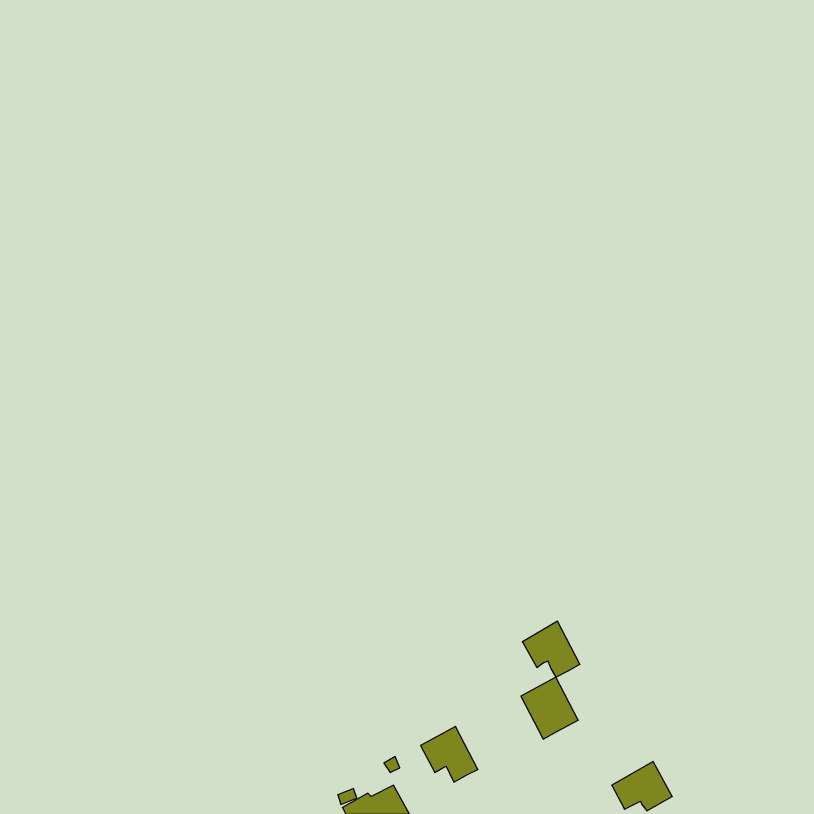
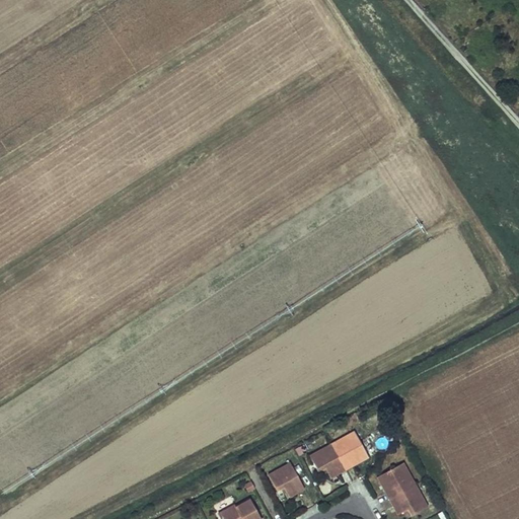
building: [522,621,580,677] -> [309,443,346,478]
building: none -> [377,462,416,500]

